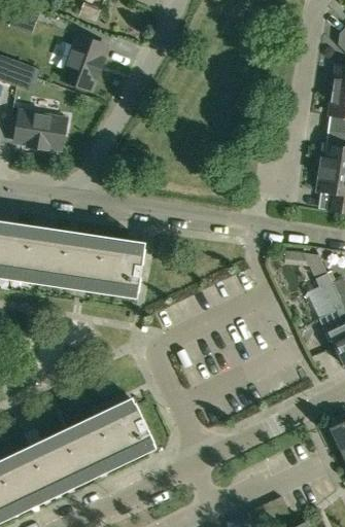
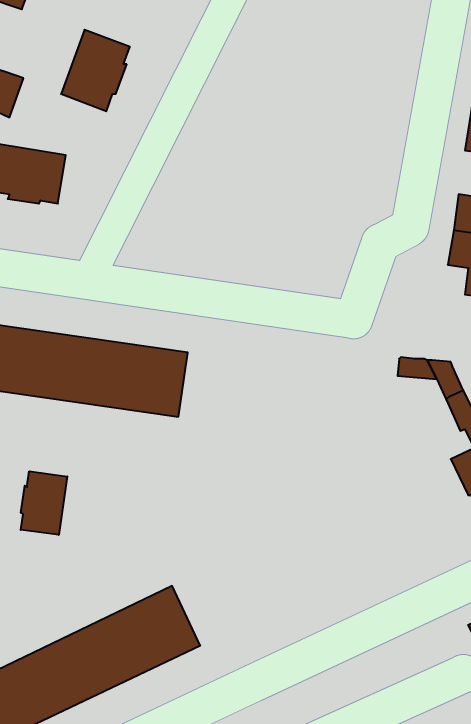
building: none -> [21,471,67,535]

